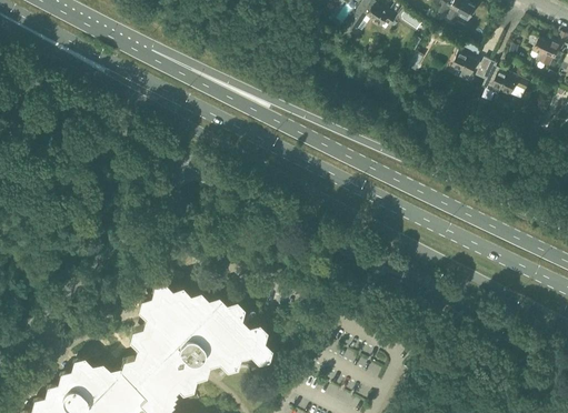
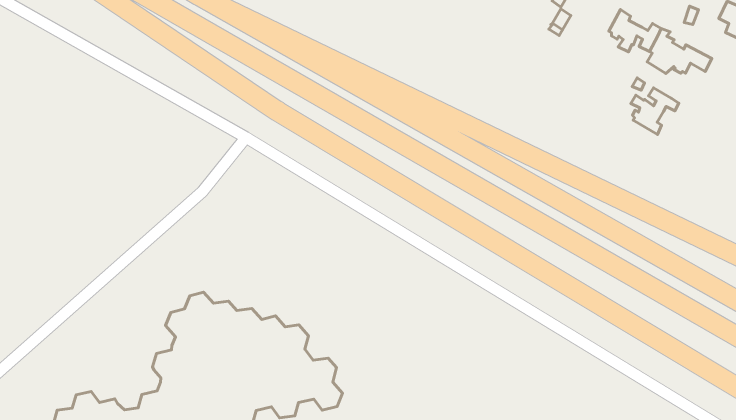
building: none -> [631,88,679,135]

